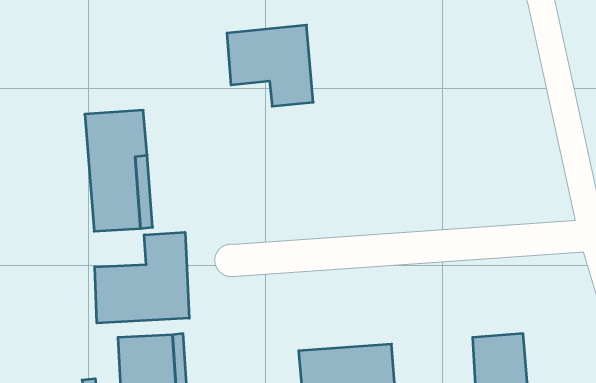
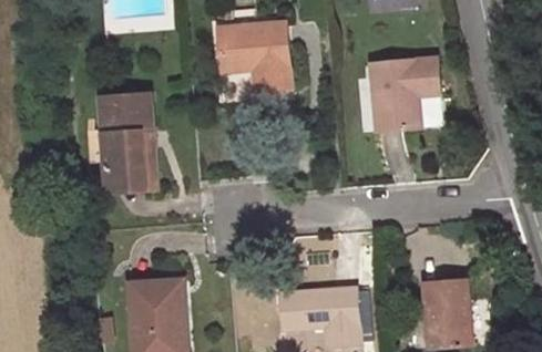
building: none -> [369,56,440,130]
building: [95,232,189,323] -> none

